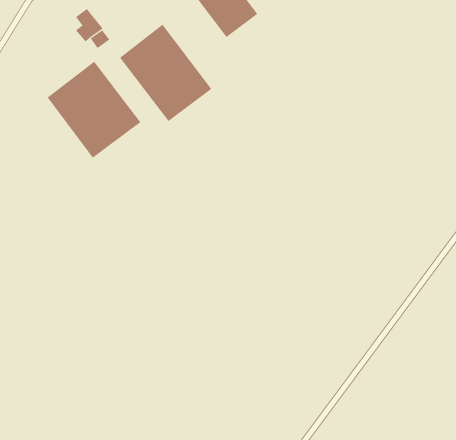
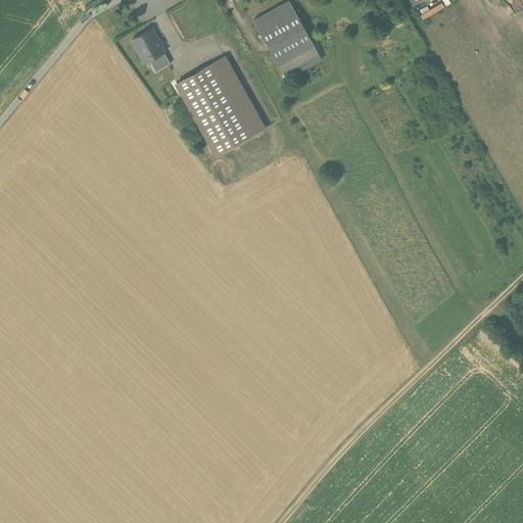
building: [47,61,141,159] -> none

